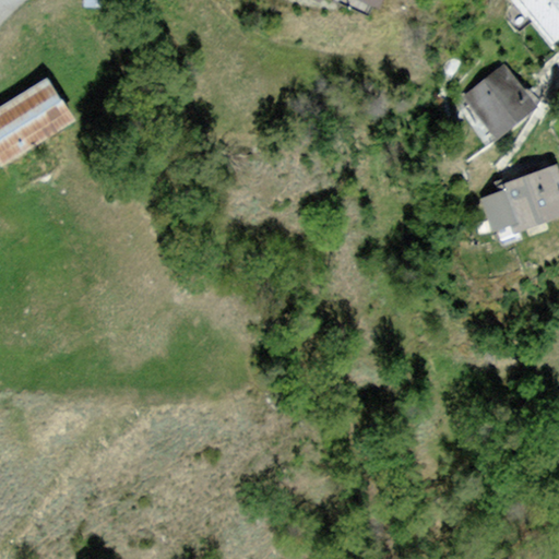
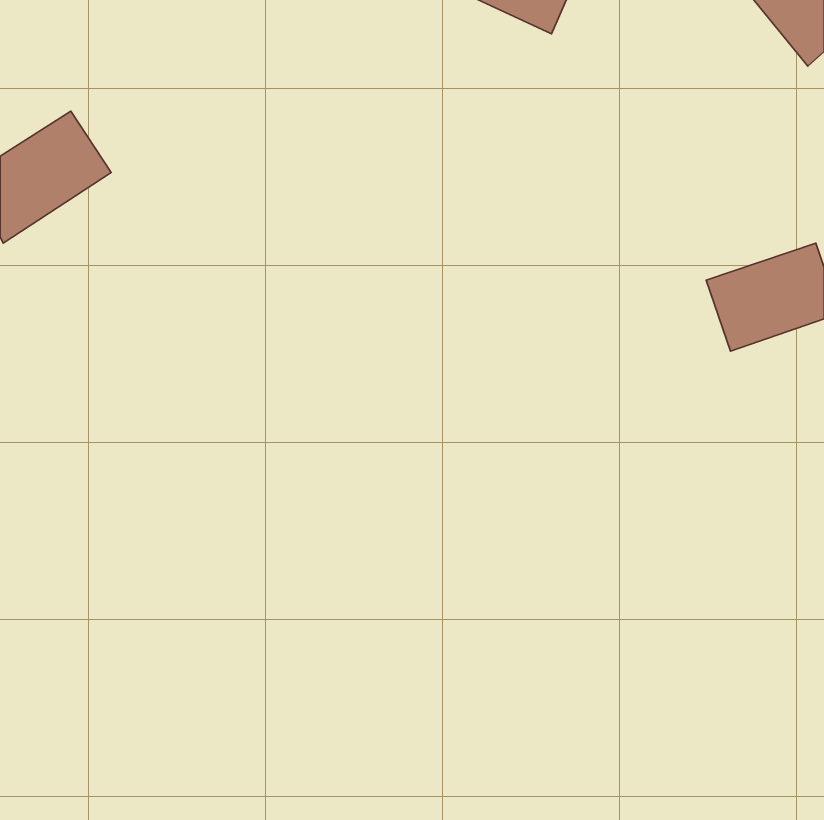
building: [464,66,534,136] -> none

